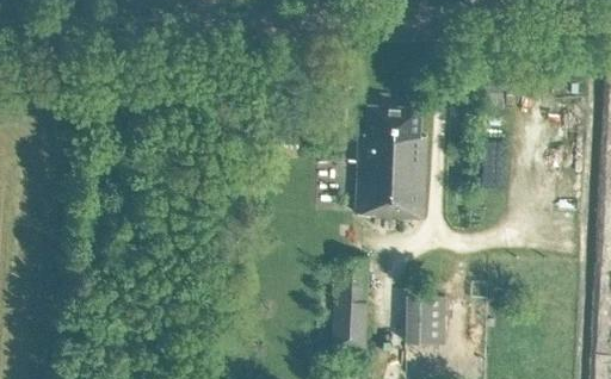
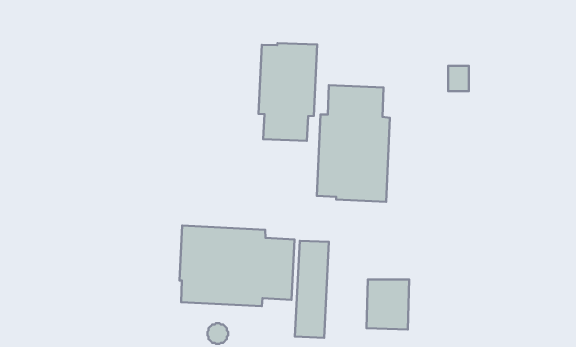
building: none -> [259,43,317,141]
building: none -> [180,225,294,306]

